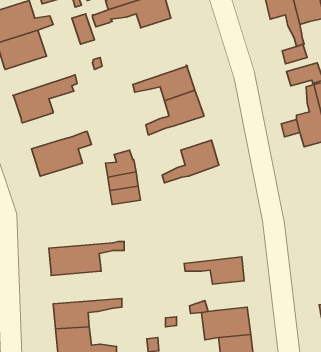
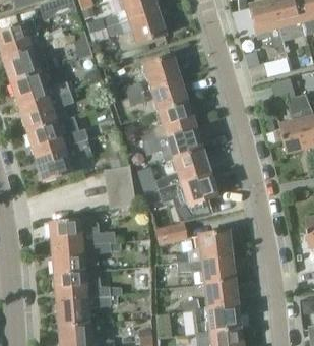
building: none -> [127,54,181,96]
building: none -> [11,72,71,106]
building: none -> [27,116,89,156]
building: none -> [168,125,203,157]
building: none -> [147,171,218,207]
building: none -> [50,217,117,248]
building: none -> [156,222,189,245]
building: none -> [163,230,232,264]
building: none -> [54,270,123,300]
building: none -> [204,279,237,306]

